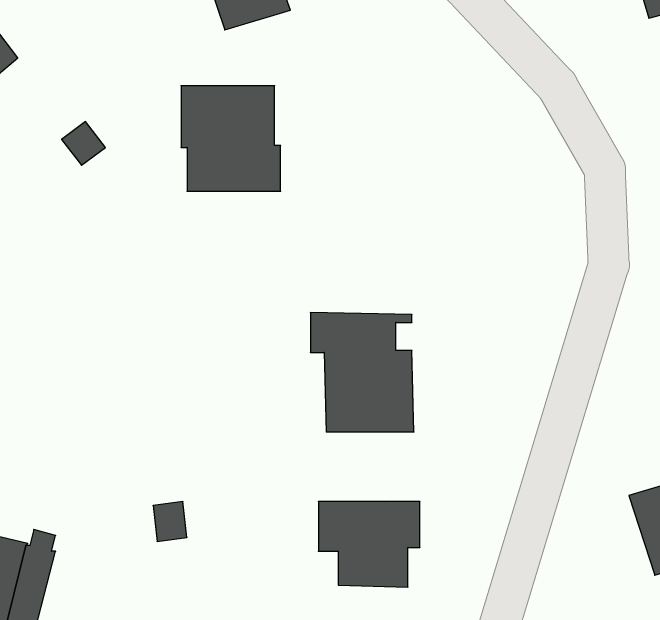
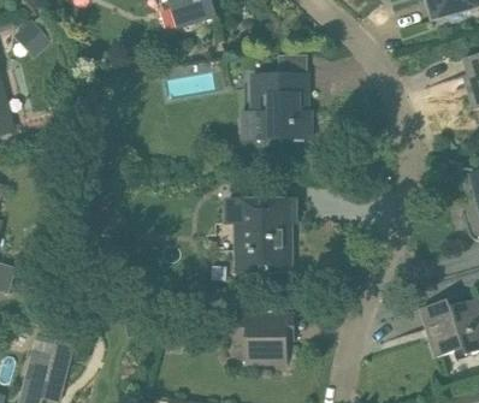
building: [181,86,281,191] -> [250,73,311,137]

